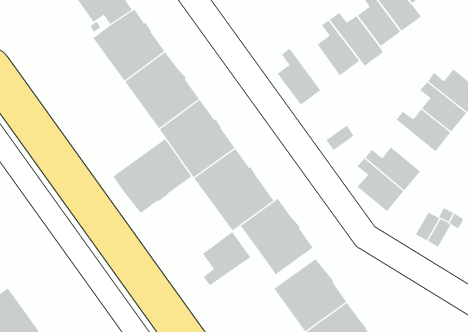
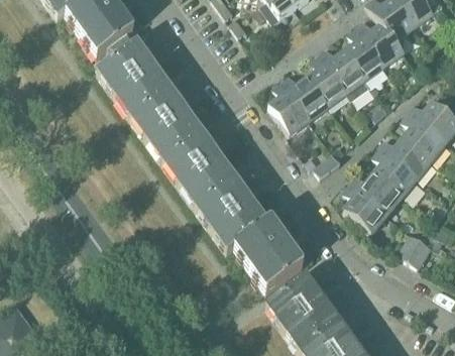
building: none -> [283,73,330,119]
building: none -> [375,146,420,195]
building: [113,138,192,214] -> none
building: [202,231,251,286] -> none

